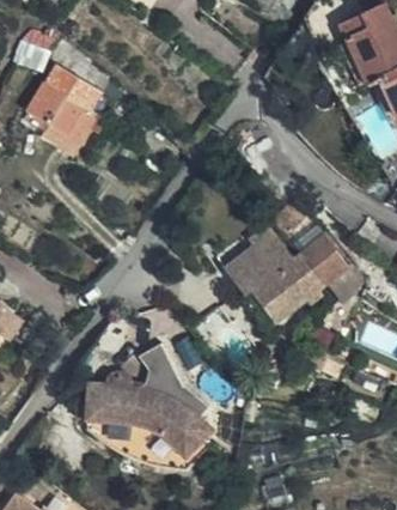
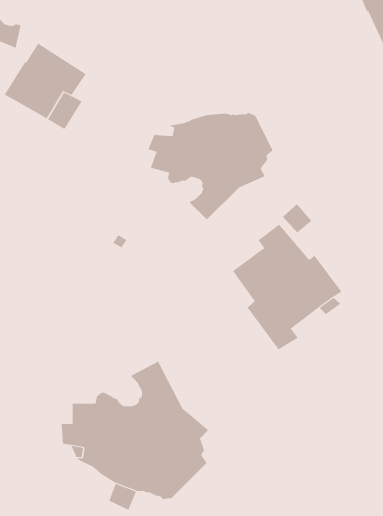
building: none -> [147,112,273,220]
building: [301,235,348,285] -> none

